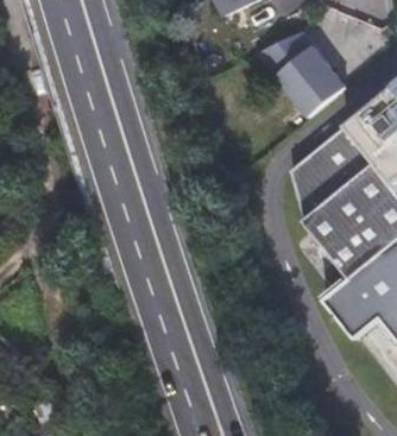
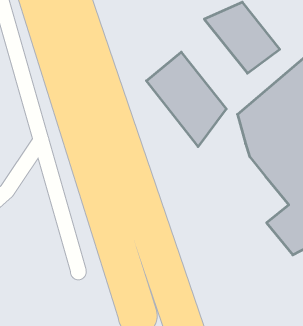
building: none -> [146,52,226,147]

